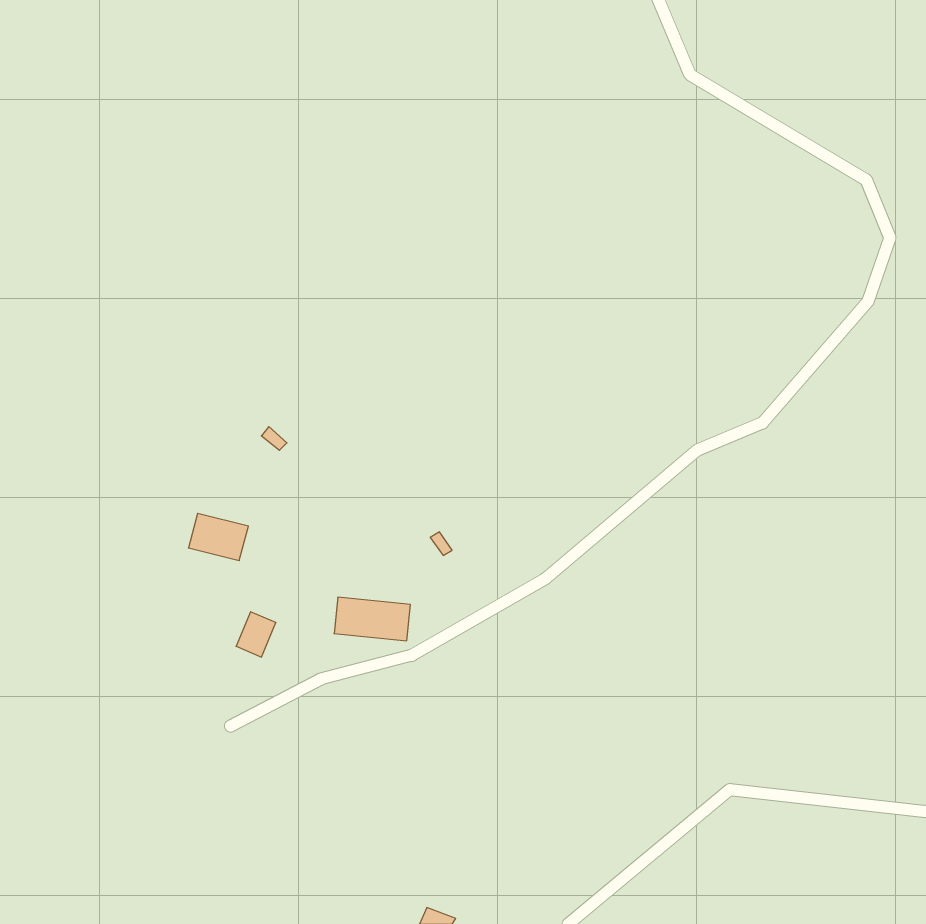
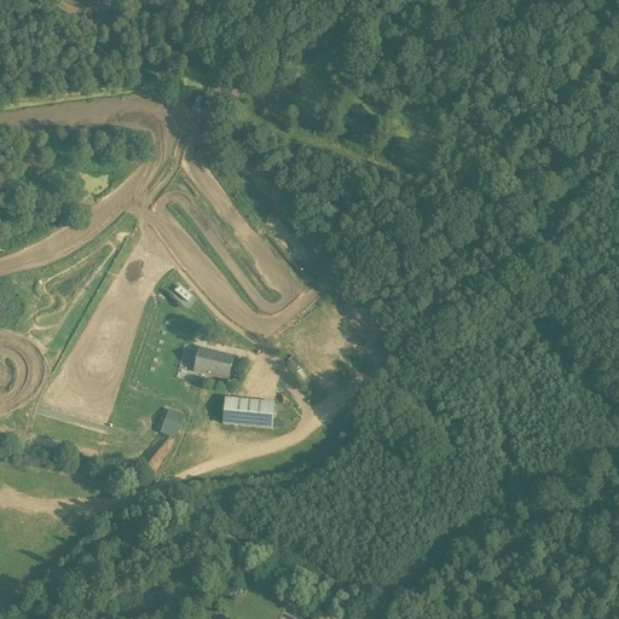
building: [188,513,248,561] -> [193,347,233,378]

